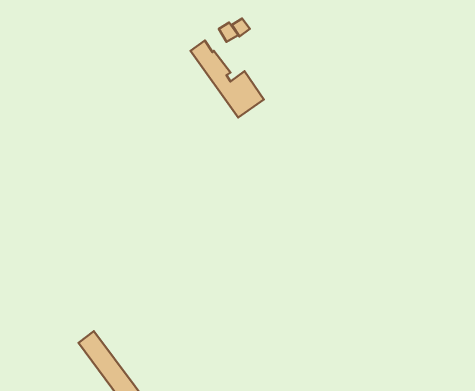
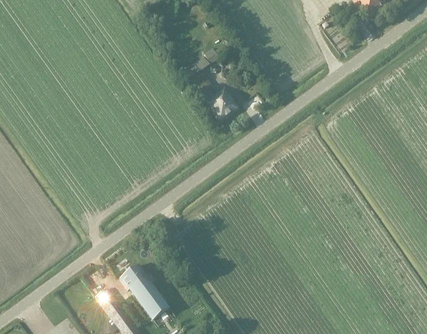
building: none -> [118,262,169,319]

